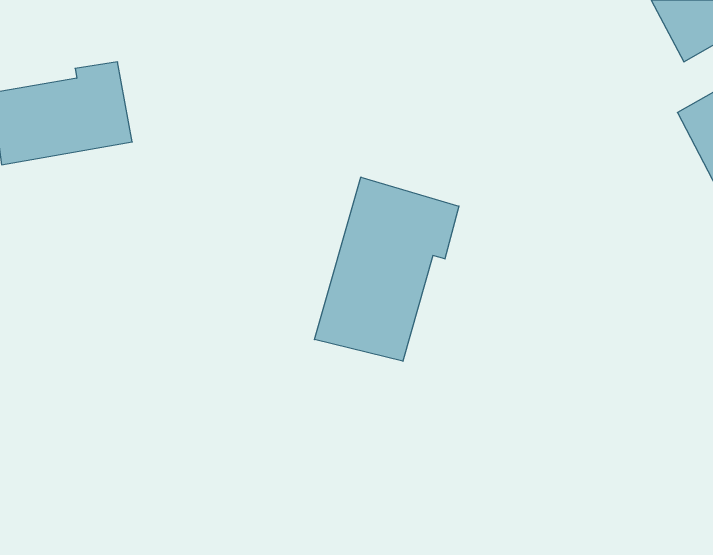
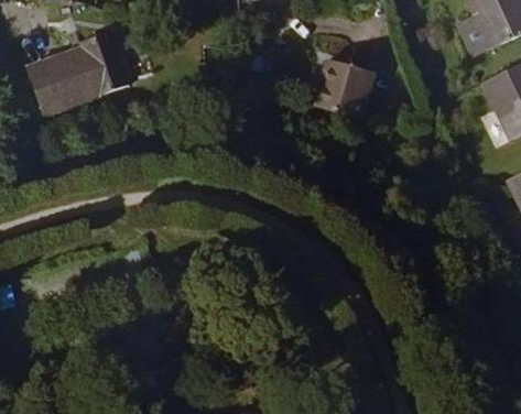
building: none -> [315,59,373,119]
building: [314,177,459,361] -> none

